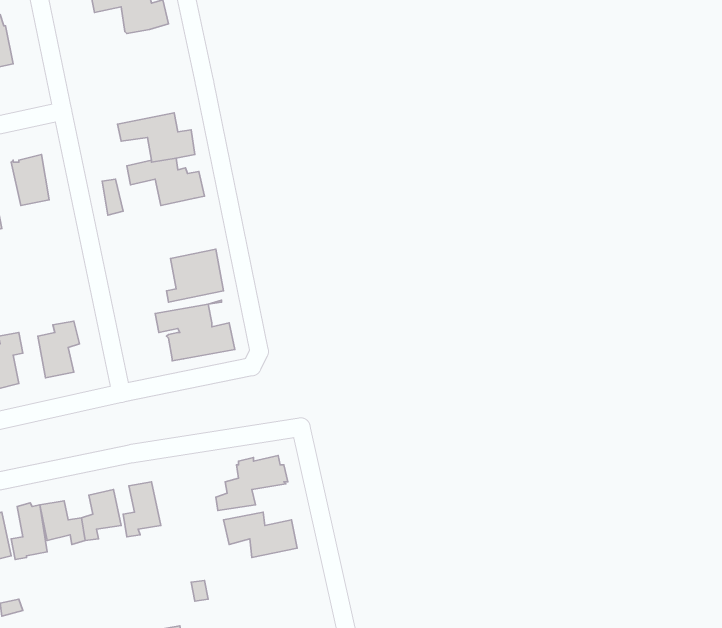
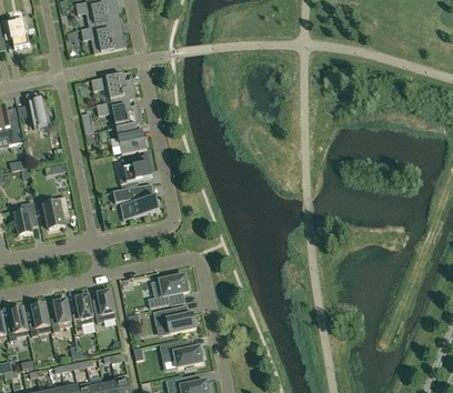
building: none -> [80,23,125,50]
building: none -> [115,122,145,152]
building: none -> [161,342,203,366]

